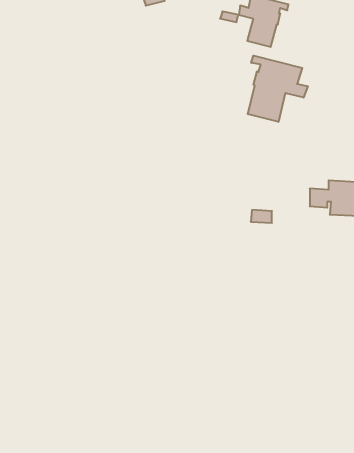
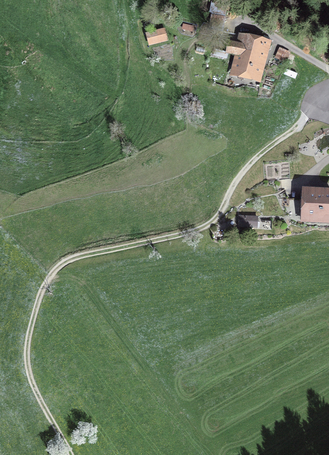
building: [248,56,308,122] -> none

